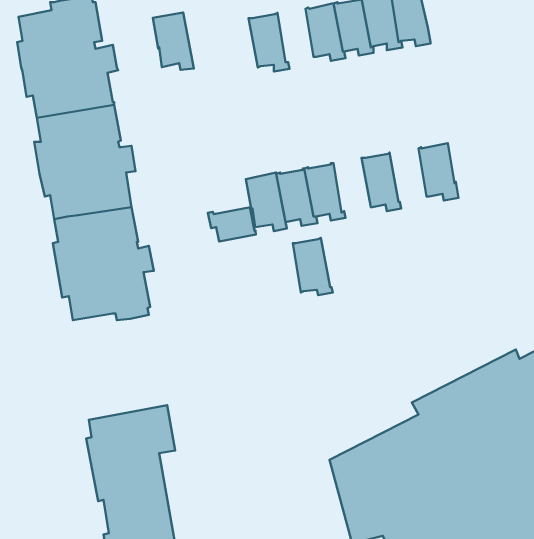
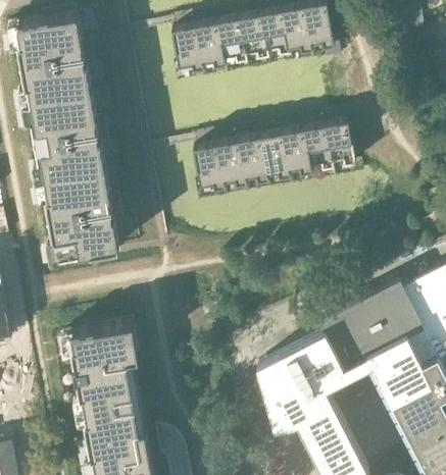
building: none -> [216,19,247,63]
building: [153,13,194,70] -> [170,27,202,70]
building: none -> [302,126,334,170]
building: [208,207,256,242] -> none
building: [293,238,333,295] -> [259,134,290,177]

